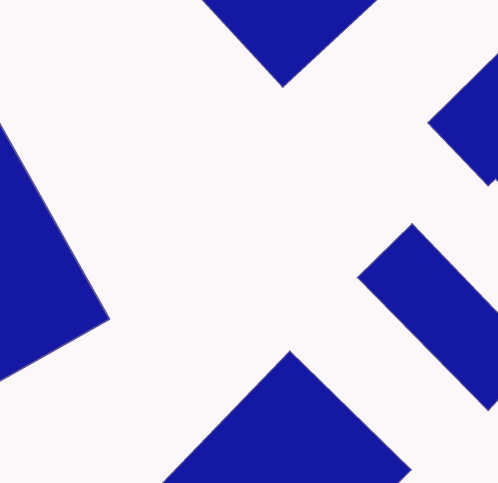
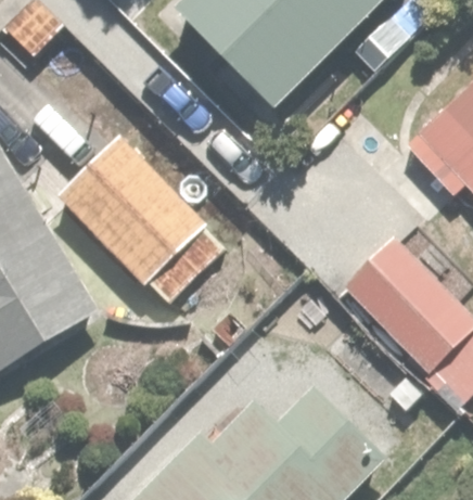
building: none -> [55,130,234,308]

